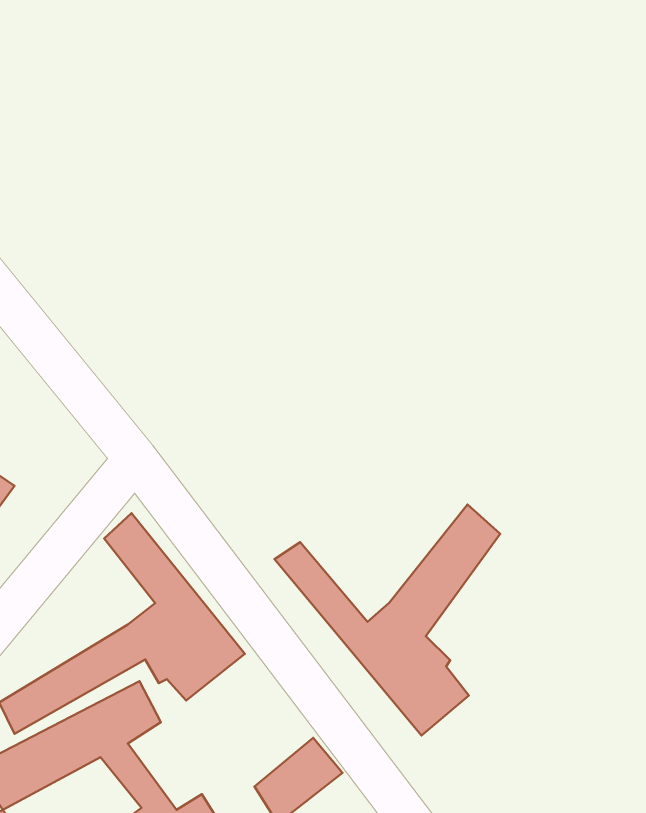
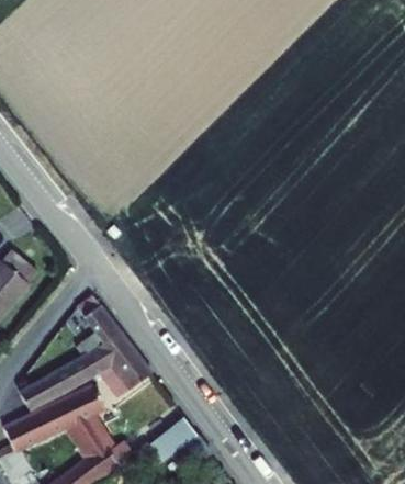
building: [275,505,500,735] -> none

